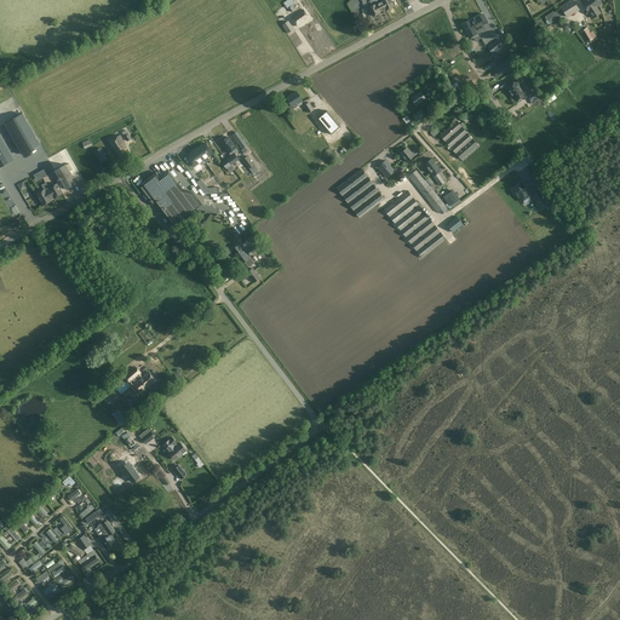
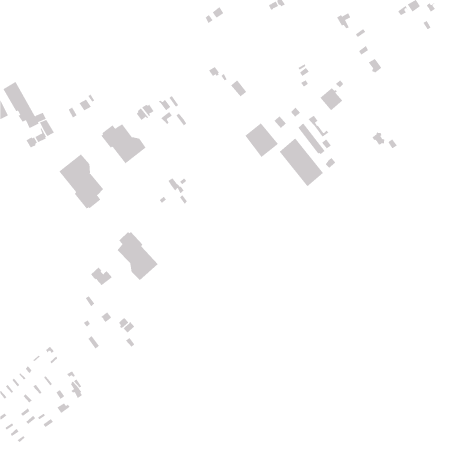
building: none -> [59,153,104,209]
building: none -> [117,231,158,281]

